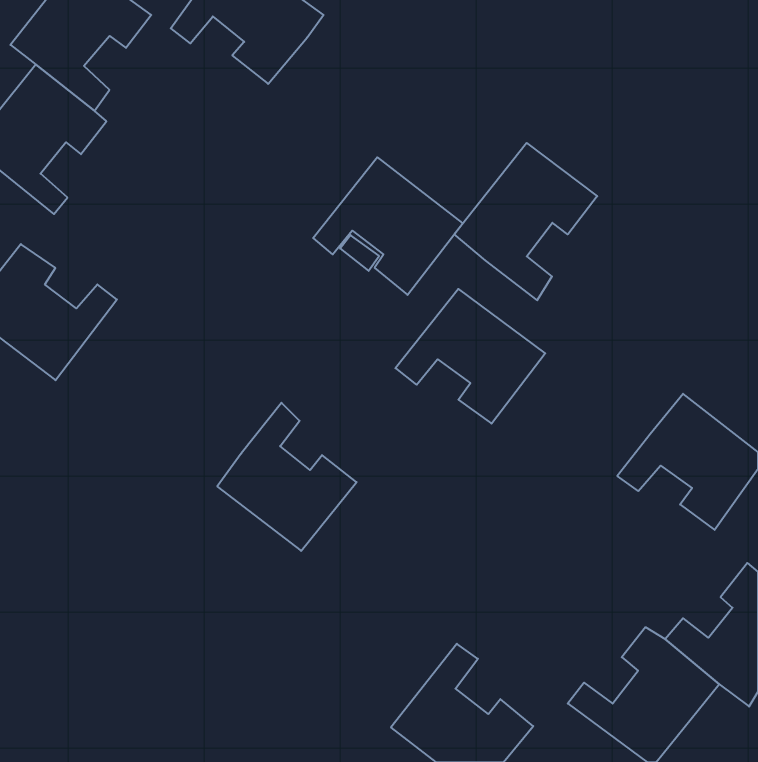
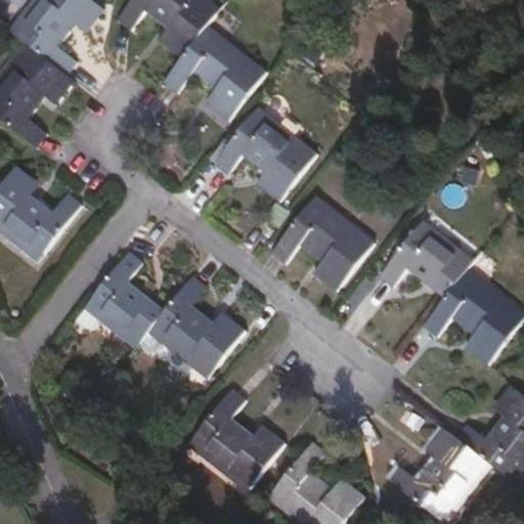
building: none -> [164,26,267,120]
building: [454,143,597,300] -> none
building: none -> [379,220,474,297]
building: none -> [84,252,165,348]
building: none -> [186,388,283,491]

